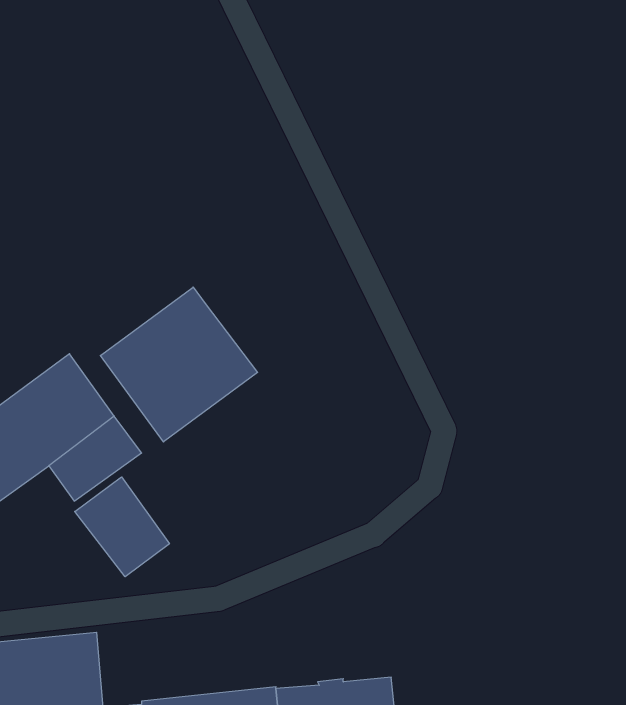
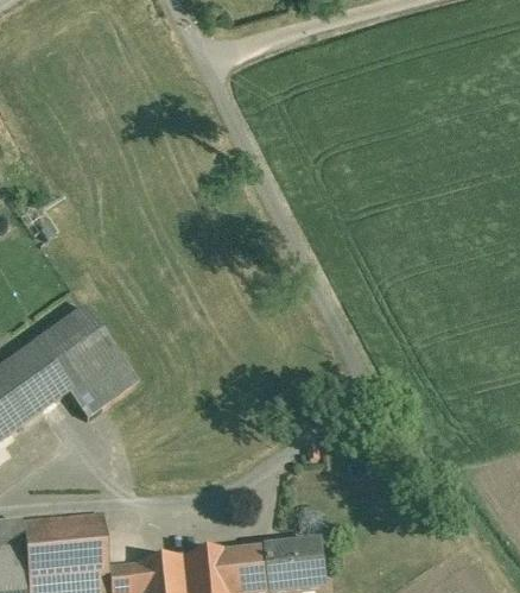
building: [100,287,258,442] -> none
building: [75,477,169,577] -> none

